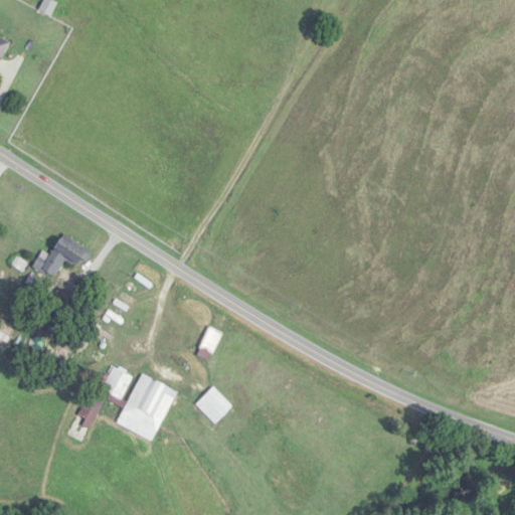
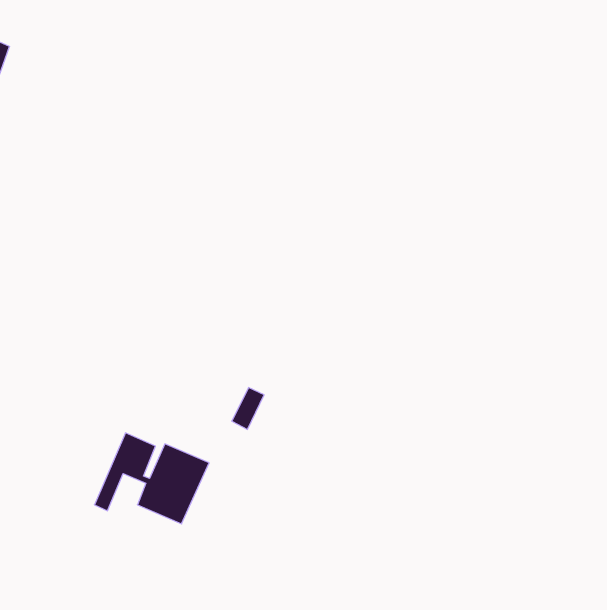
building: [32,232,91,278] -> none
building: [195,386,231,423] -> none

